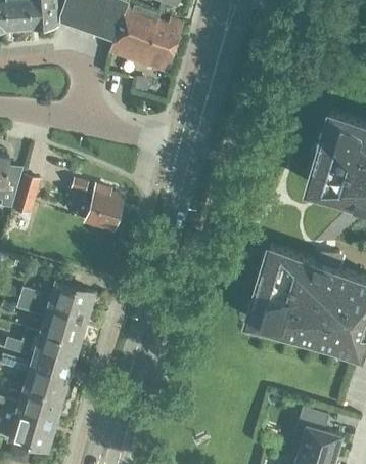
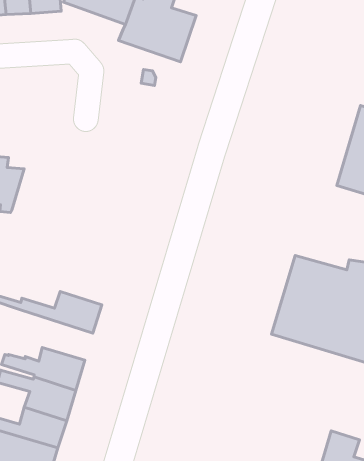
building: [12,175,40,214] -> none
building: [71,180,123,231] -> none
building: [16,299,86,345] -> none

